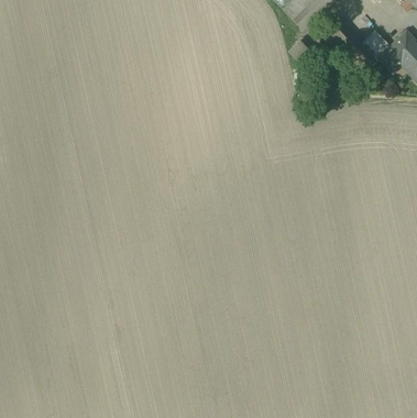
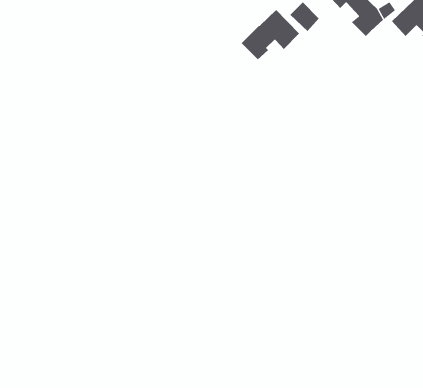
building: none -> [241,9,300,60]

